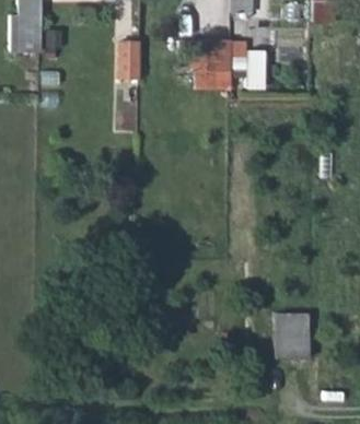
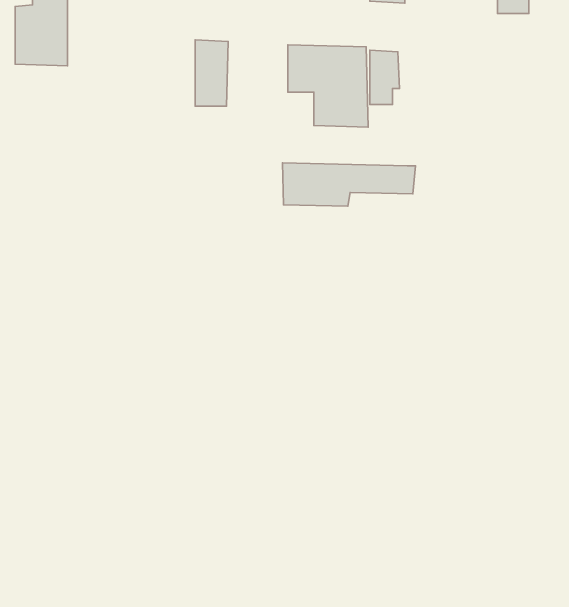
building: none -> [282,163,415,206]
building: [276,311,310,356] -> none

